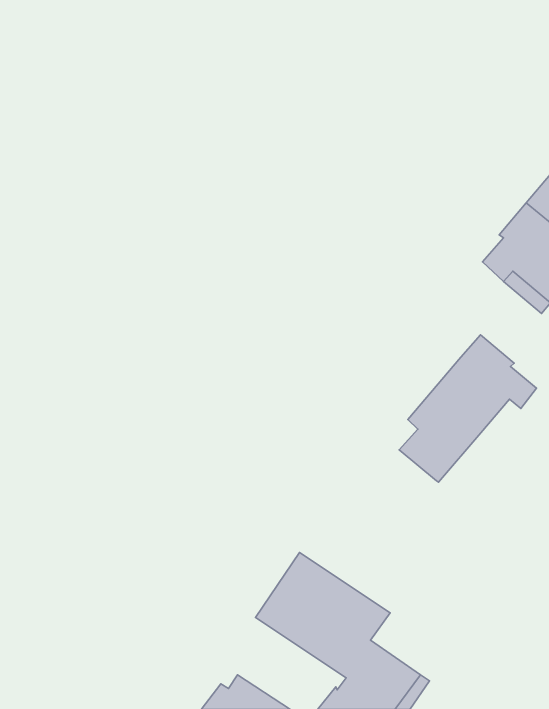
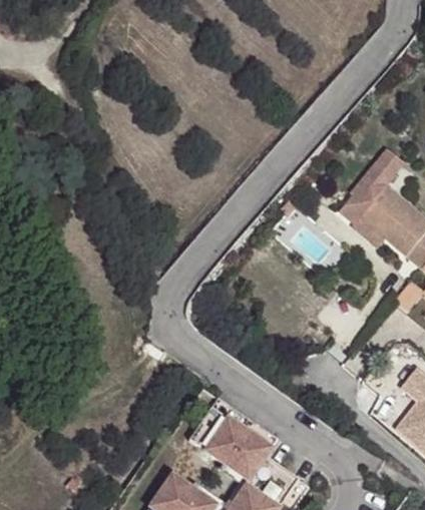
building: [399,335,536,482] -> none

